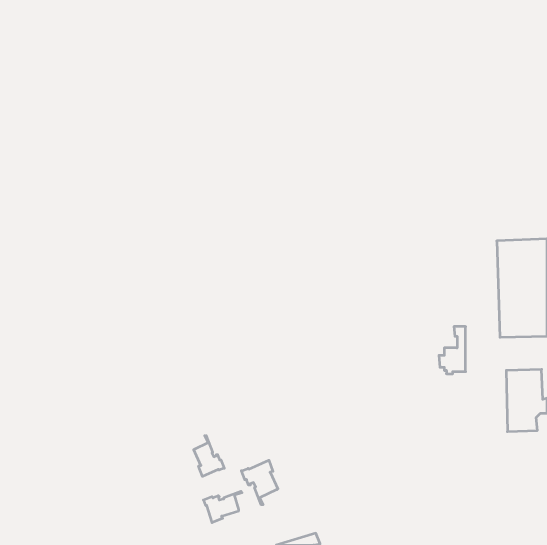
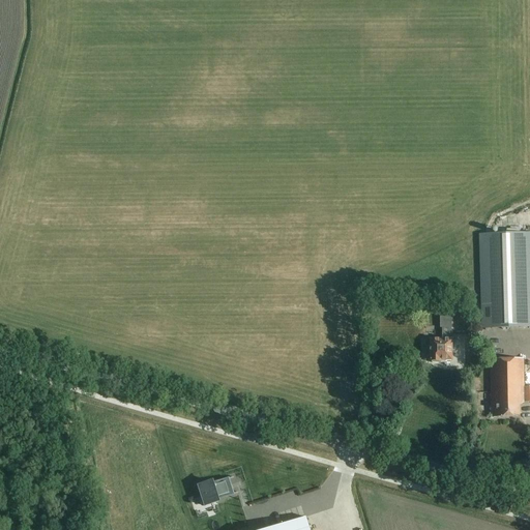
building: [194,436,224,476] -> none
building: [241,460,278,505] -> none

